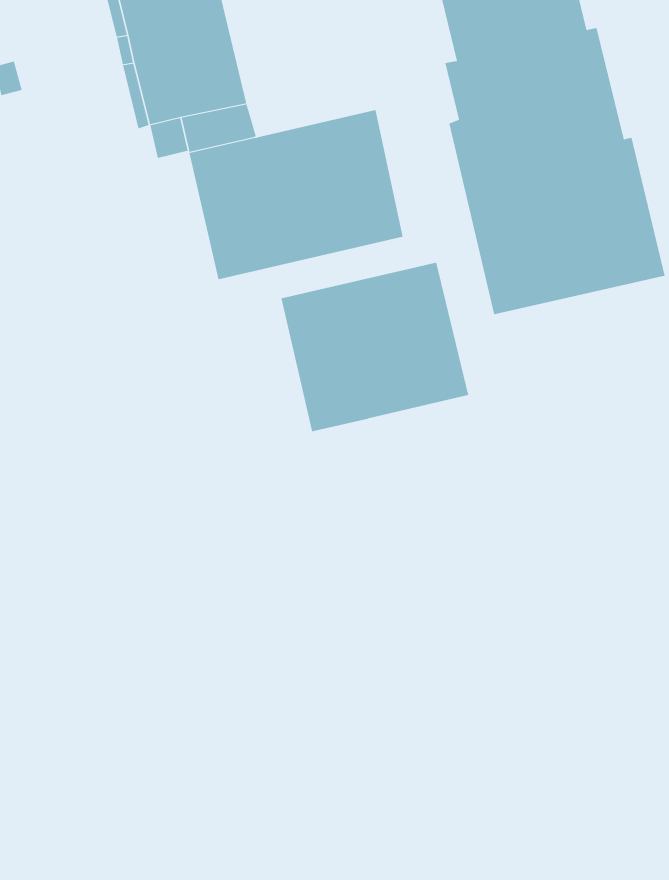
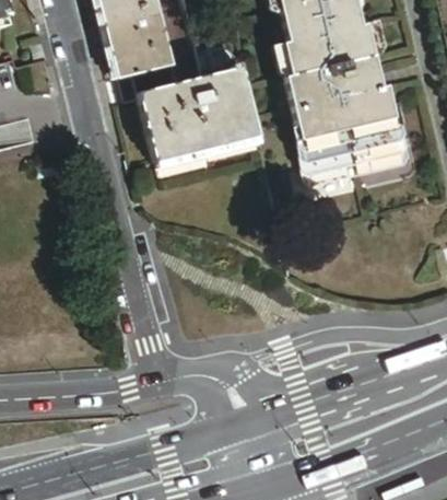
building: [281,262,469,432] -> none

